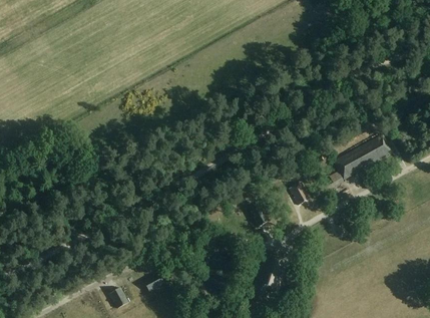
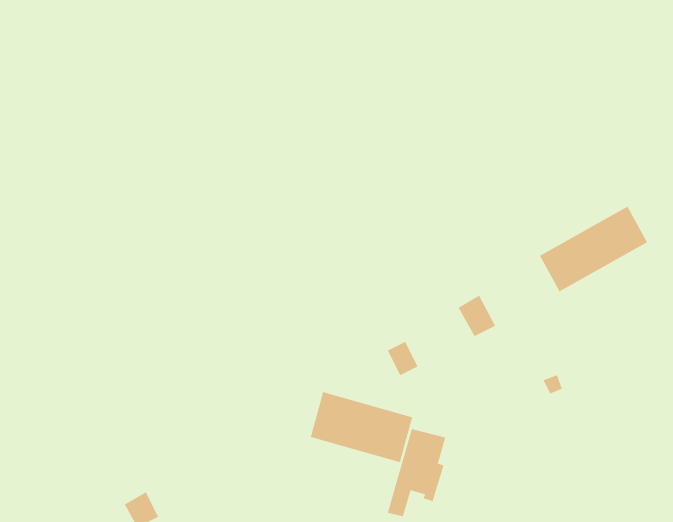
building: none -> [310,391,413,463]

